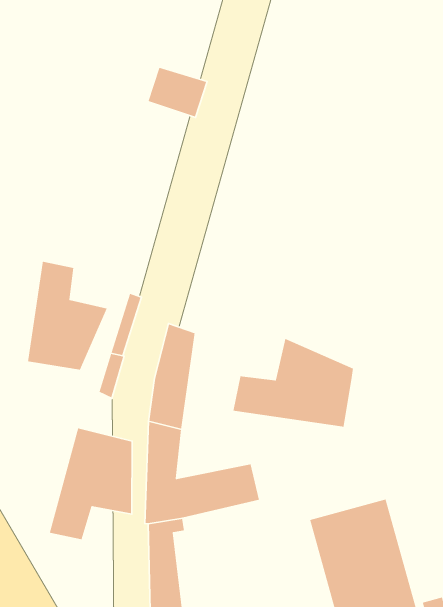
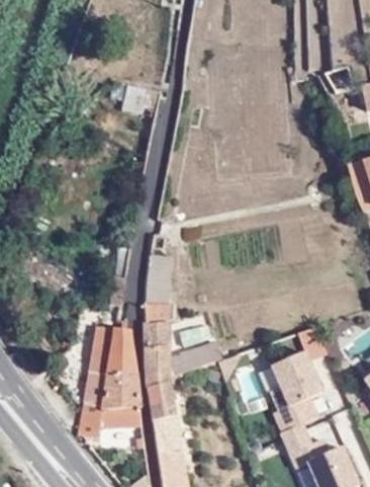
building: [27,261,108,371] -> none
building: [232,338,354,428] -> none
building: none -> [79,377,146,436]

